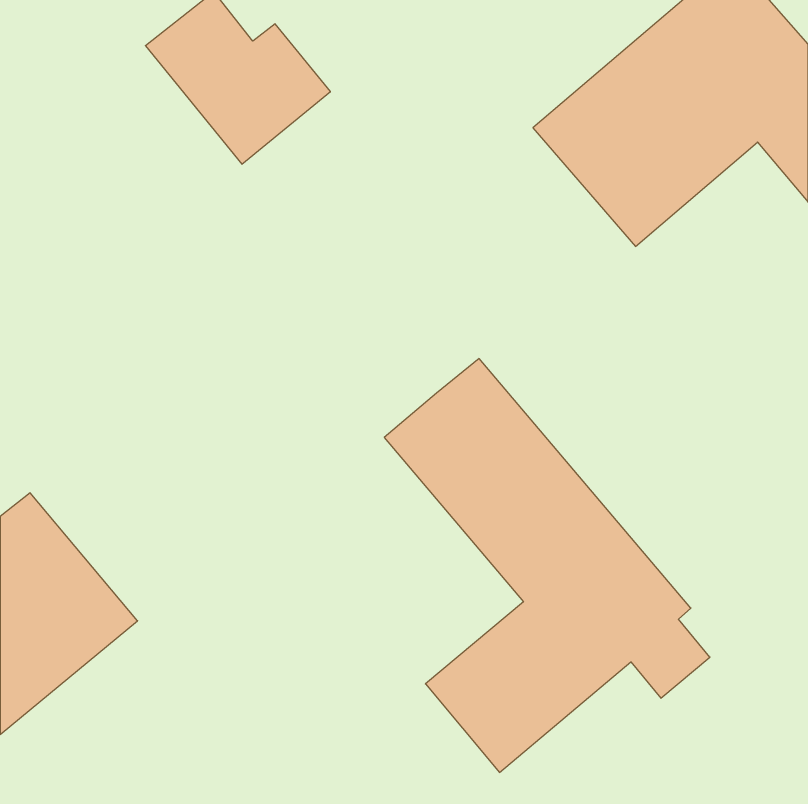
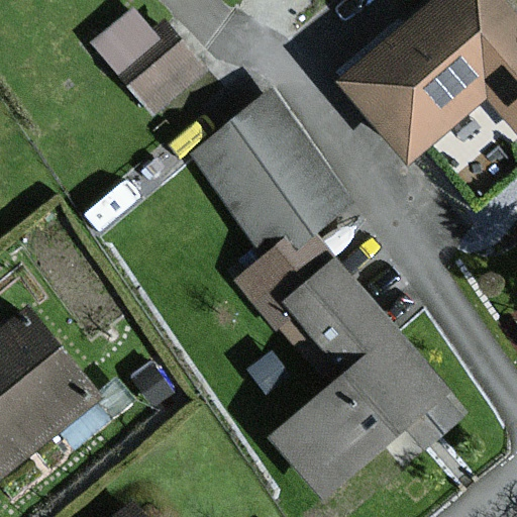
building: none -> [198,99,346,251]

